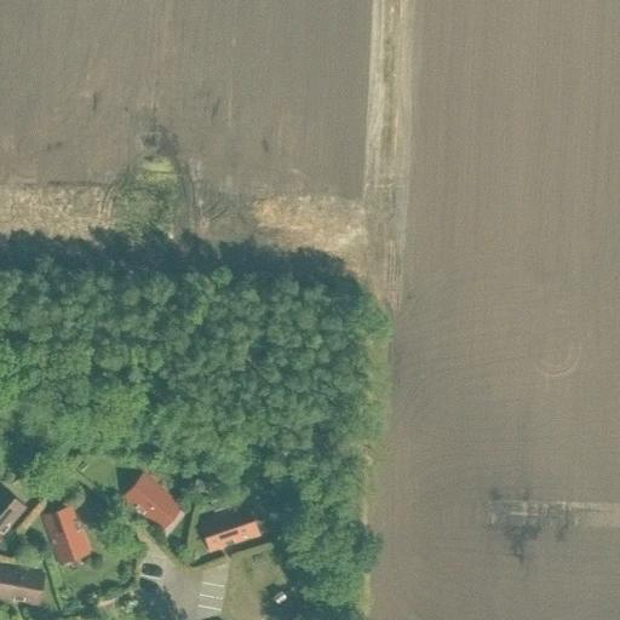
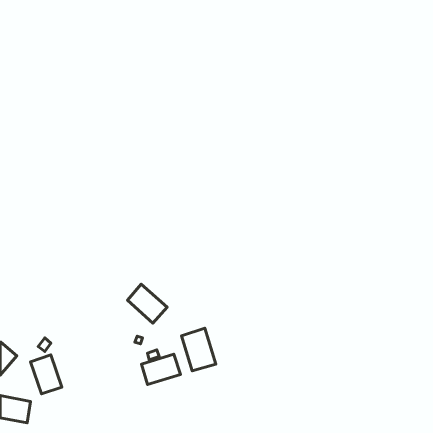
building: none -> [182,328,216,371]
building: [125,475,182,530] -> [127,284,167,323]

